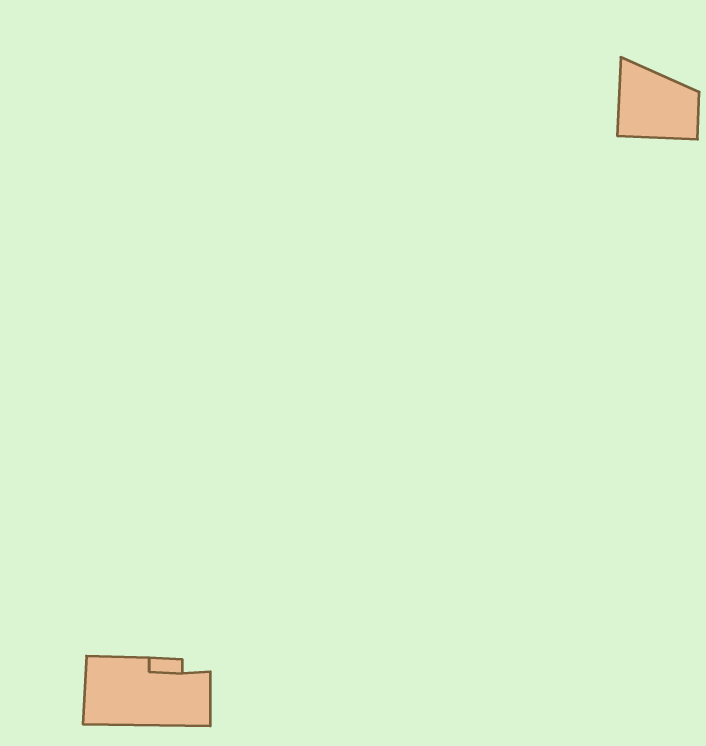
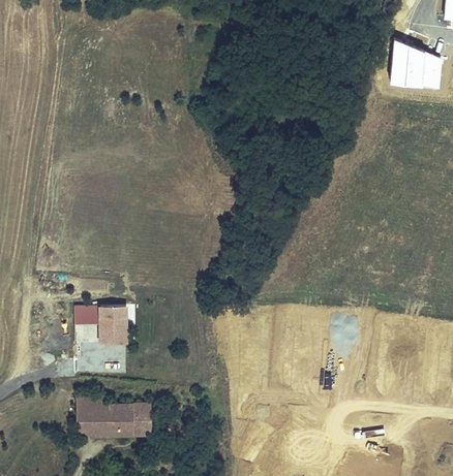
building: none -> [75,307,128,345]

